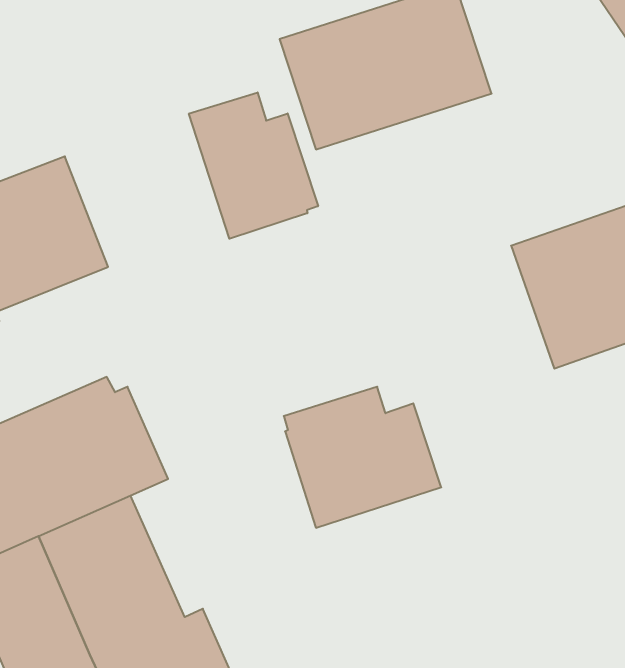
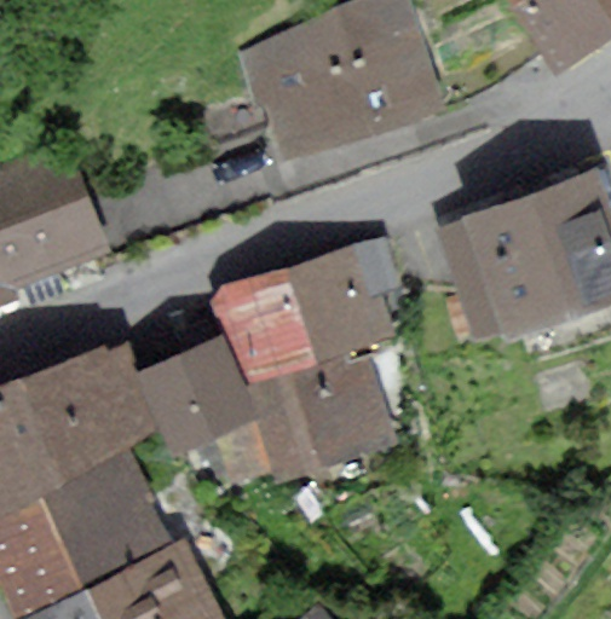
building: [189,92,318,239] -> none
building: none -> [229,242,393,377]
building: none -> [143,342,250,447]

